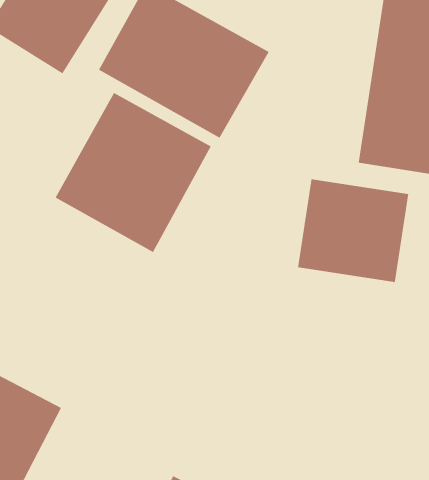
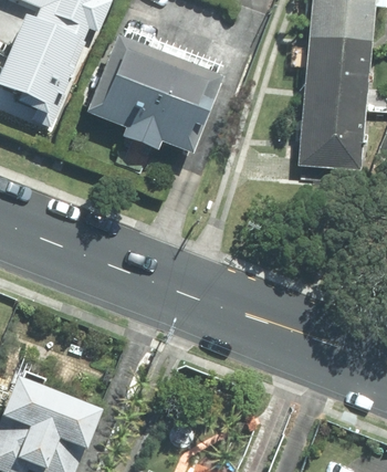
building: [55,92,212,253] -> none
building: [298,178,409,283] -> none

